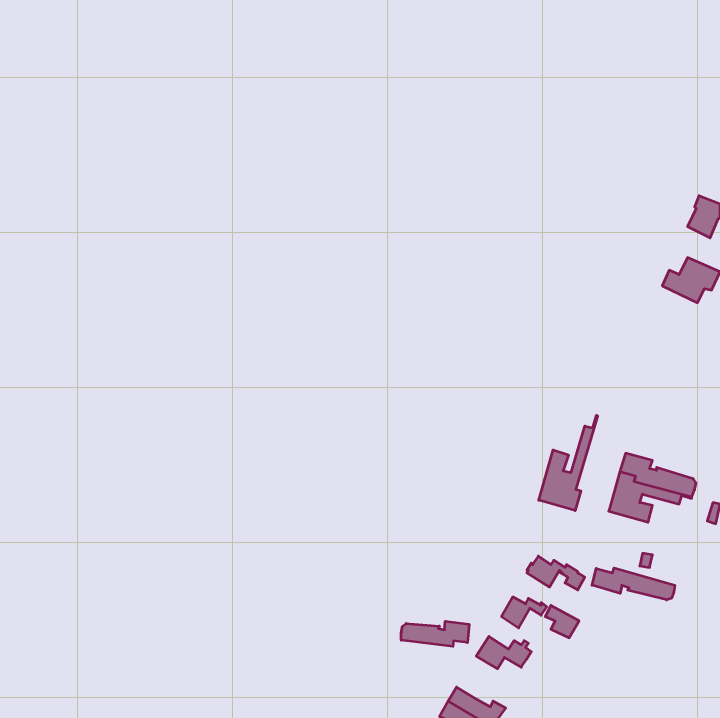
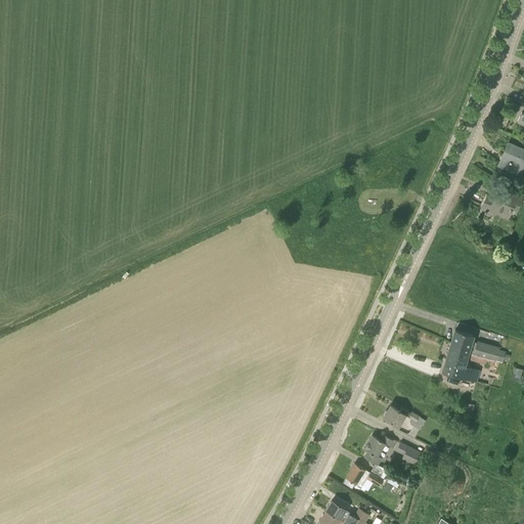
building: [539,415,598,511] -> none
building: [592,568,675,600] -> none
building: [401,621,469,646] -> none

